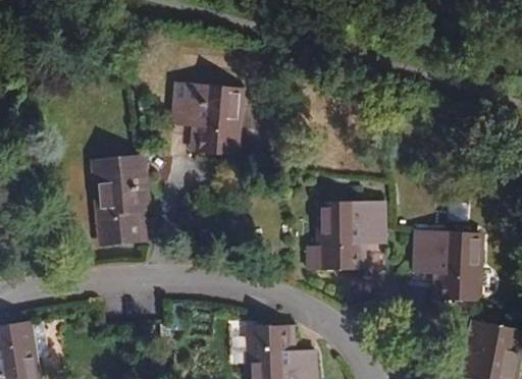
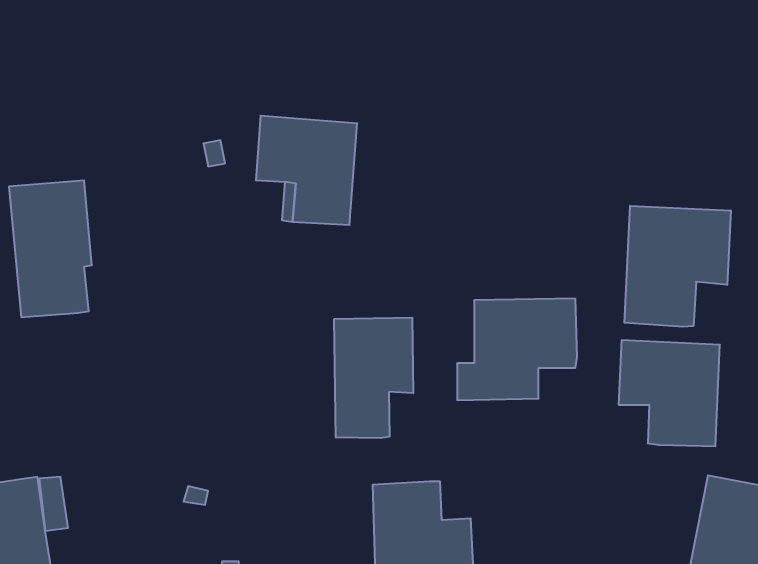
building: none -> [624,206,731,327]
building: [95,155,150,246] -> [9,180,92,317]
building: none -> [334,318,413,438]

